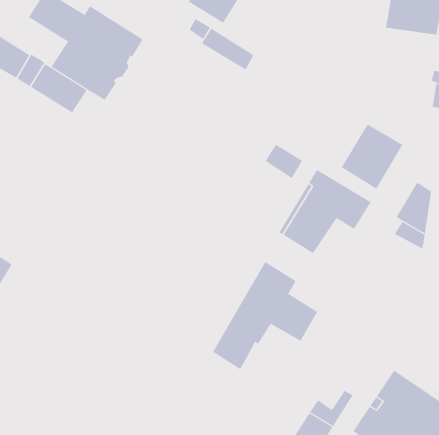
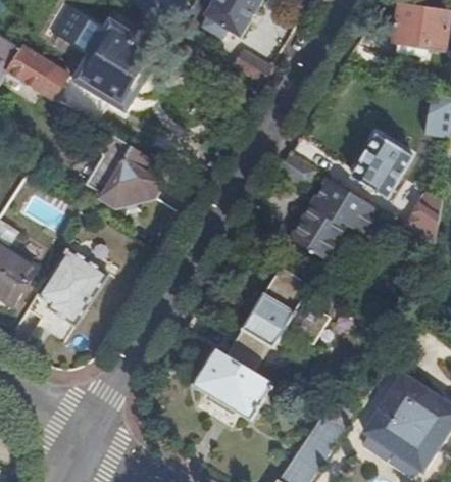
building: none -> [87,130,162,207]
building: none -> [35,247,105,326]
building: none -> [193,348,273,419]

